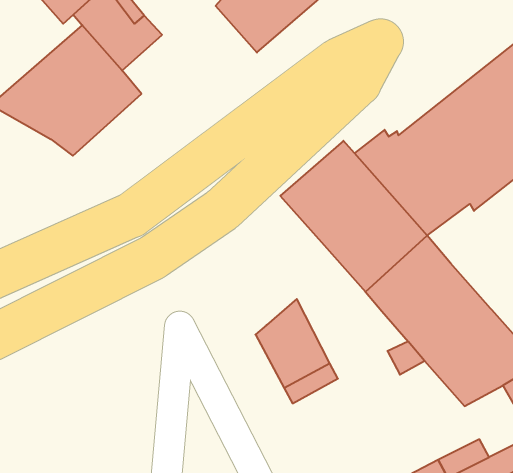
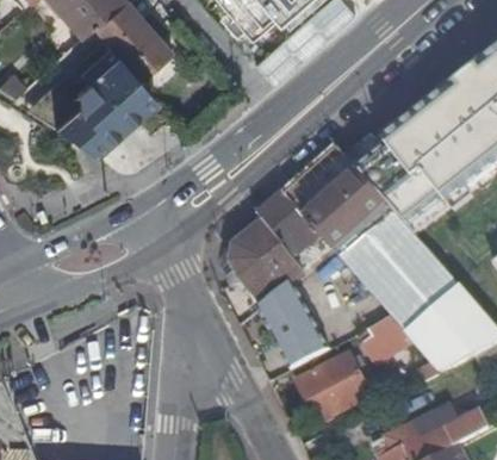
building: none -> [232,188,316,300]
building: none -> [294,348,375,422]

